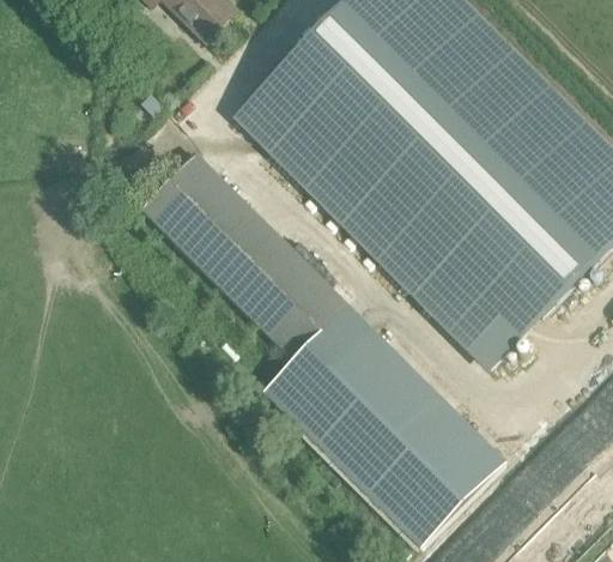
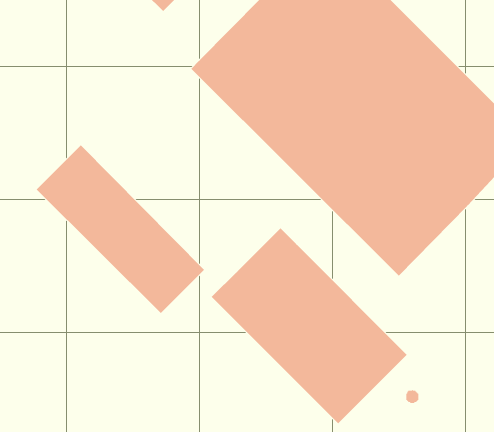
building: [140,151,347,358] -> [36,145,205,314]

